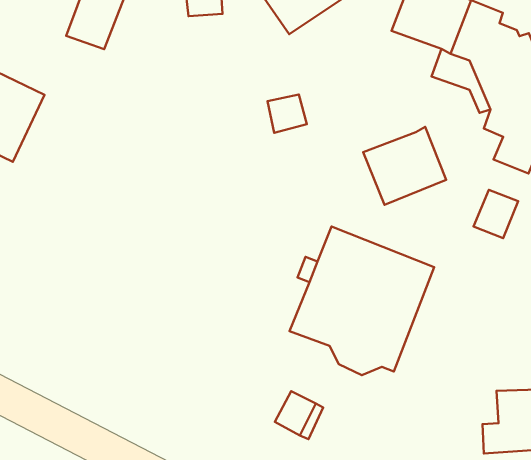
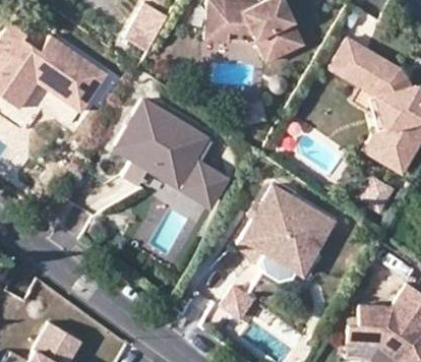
building: none -> [117,100,227,202]
building: [363,127,446,205] -> none

